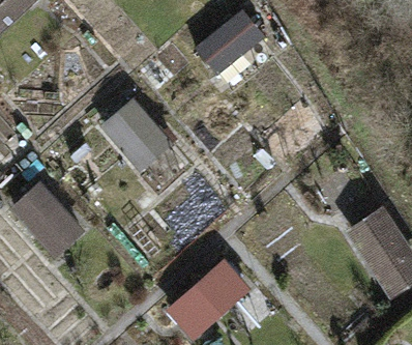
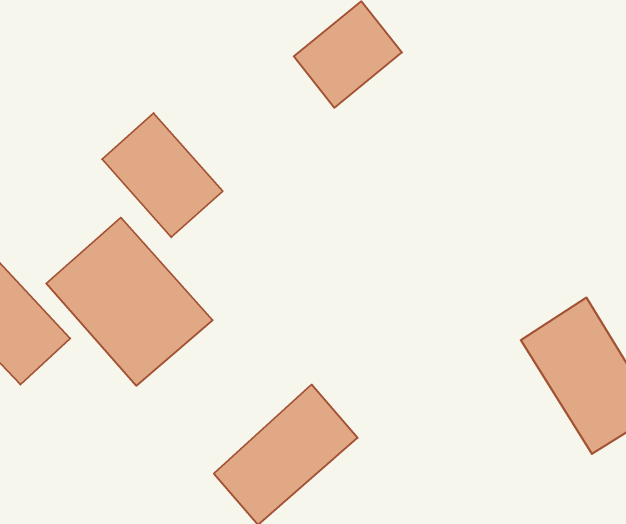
building: none -> [46,218,213,386]

